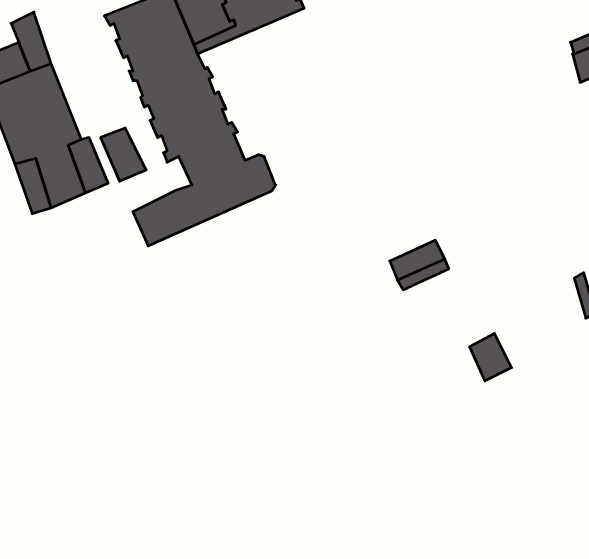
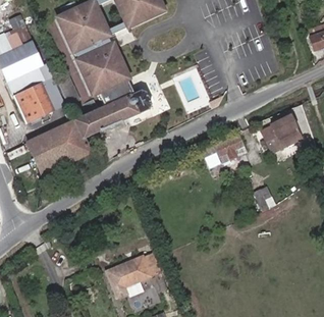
building: none -> [263,113,302,151]
building: none -> [29,119,92,172]
building: none -> [106,254,160,298]

